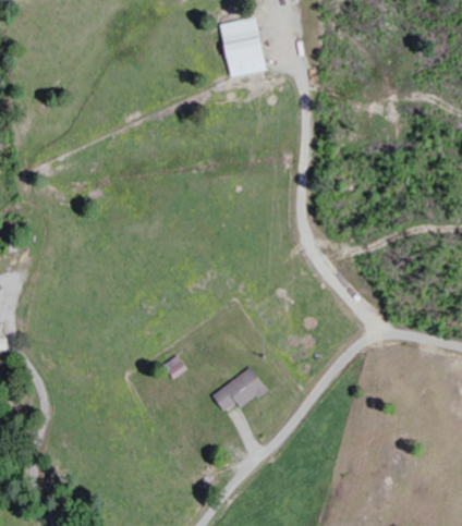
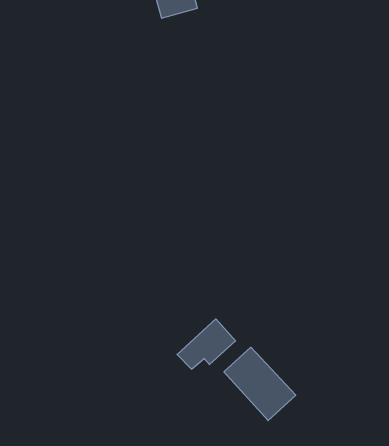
building: none -> [224,347,296,421]

